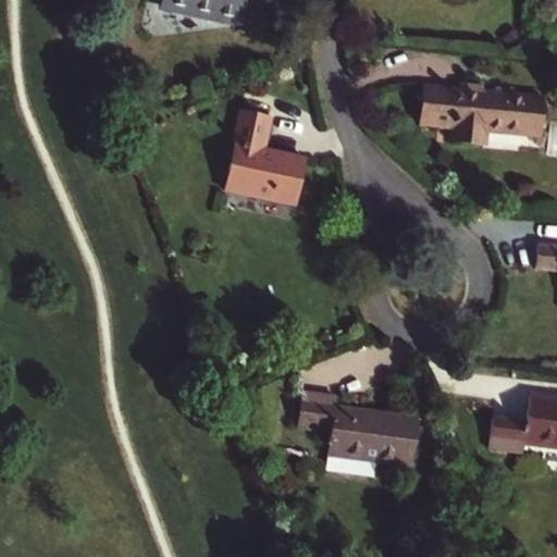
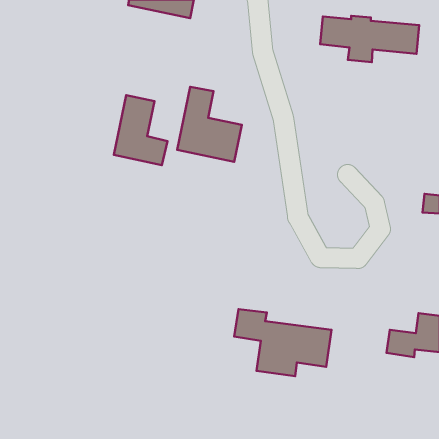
building: [420,86,545,145] -> [320,16,419,62]
building: none -> [114,95,167,165]

